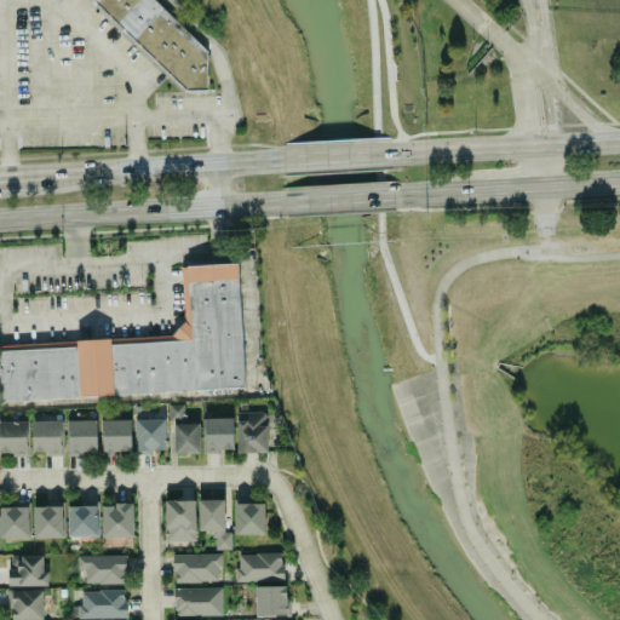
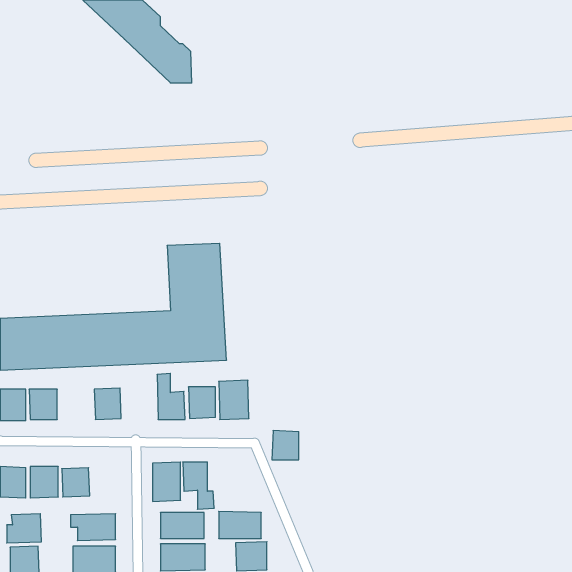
building: [136,420,166,454] -> none
building: [68,421,98,455] -> none
building: [102,504,133,538] -> none
building: [236,504,265,535] -> [272,431,299,460]

